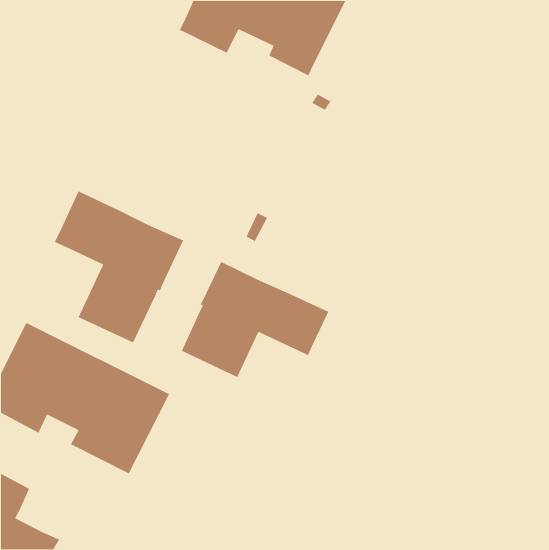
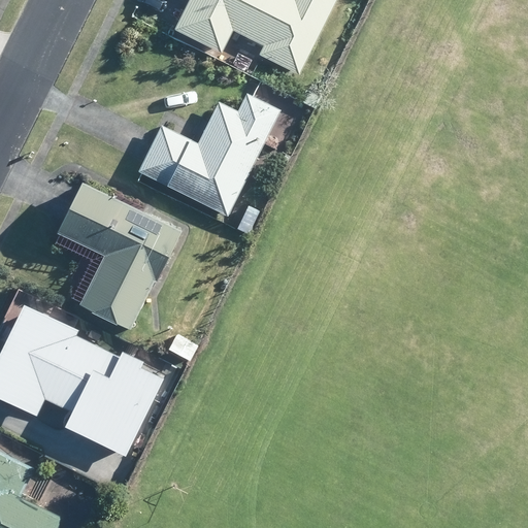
building: none -> [136,92,278,214]
building: [181,261,329,378] -> none

